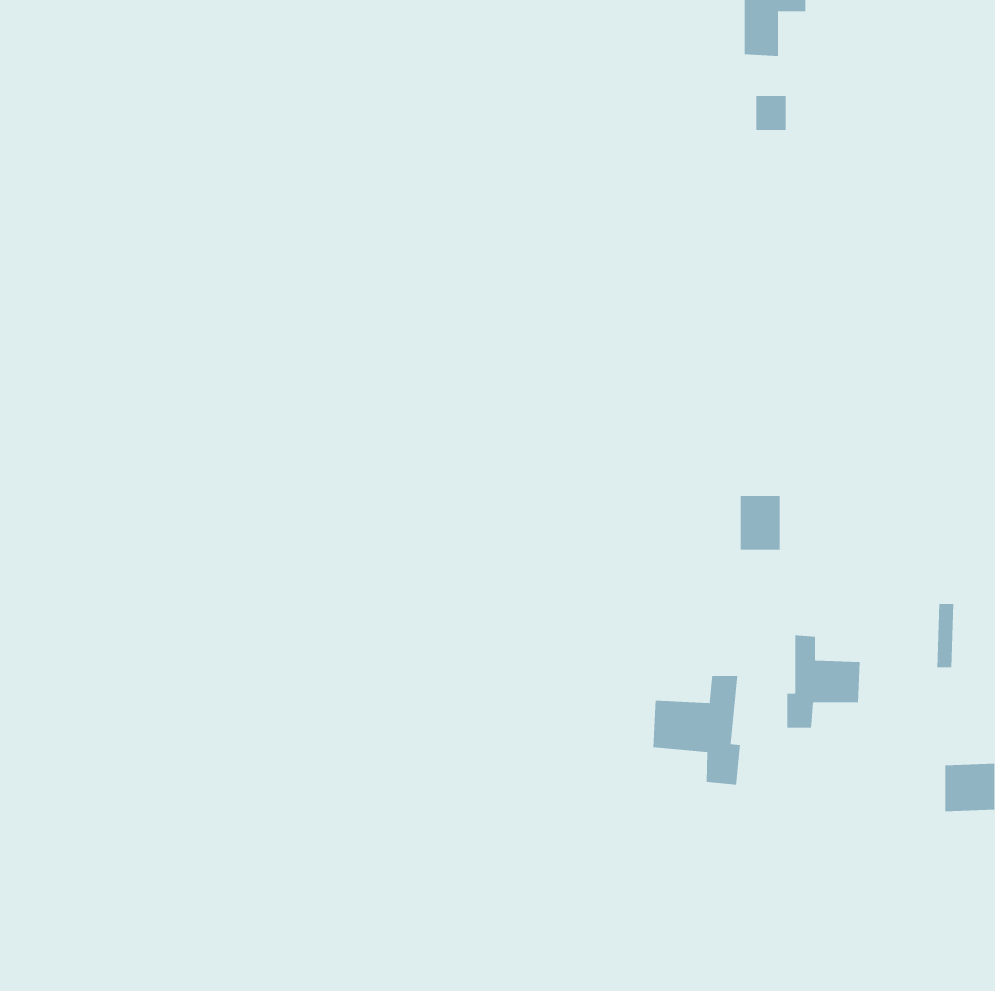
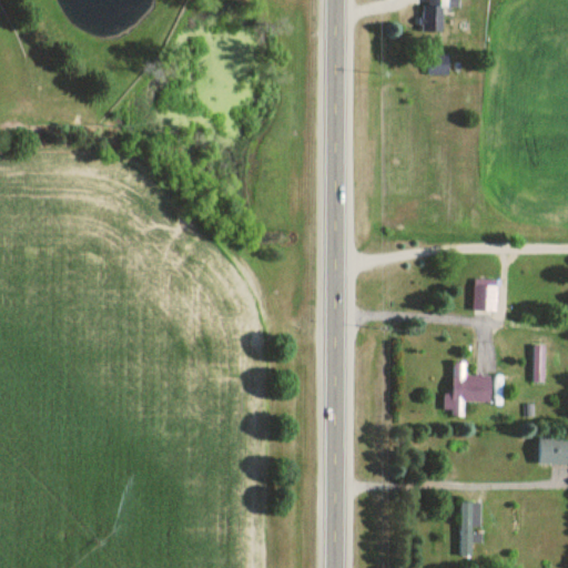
building: [740,496,781,550] -> [474,278,497,310]
building: [653,675,741,785] -> none
building: none -> [460,501,481,555]

